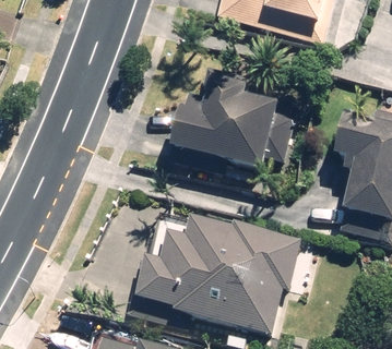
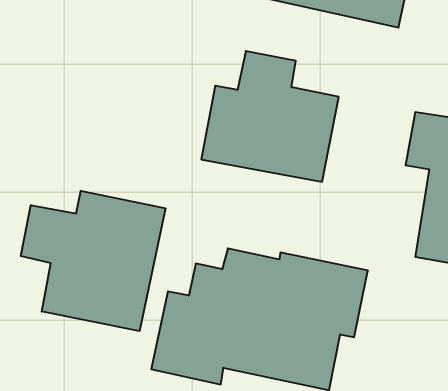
building: none -> [21,191,165,331]

